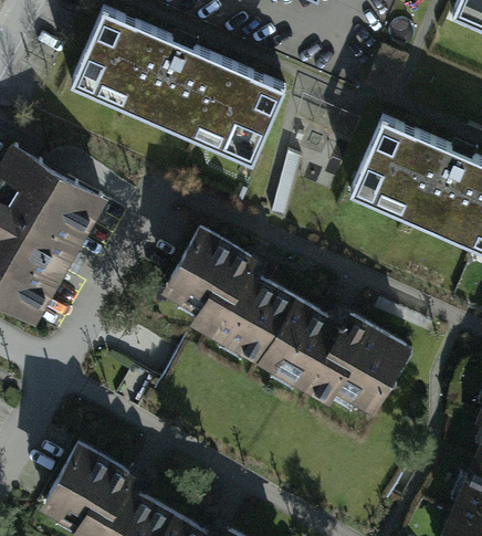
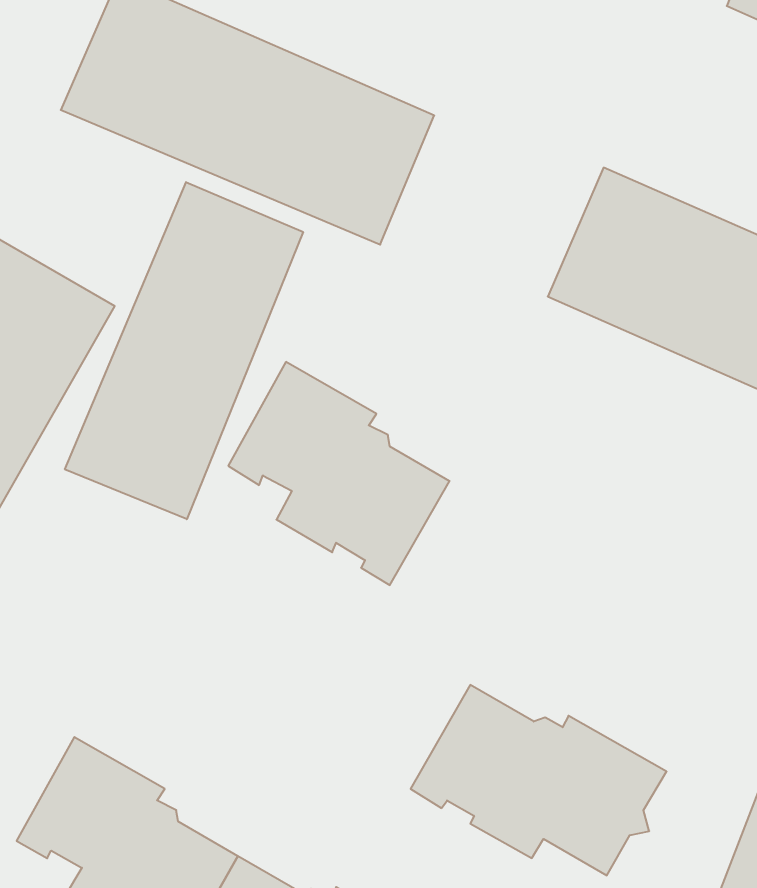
building: none -> [65,182,303,519]
building: [260,299,407,409] -> [411,685,667,875]

